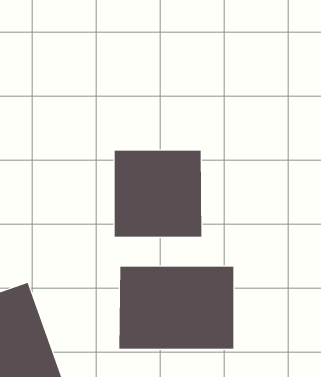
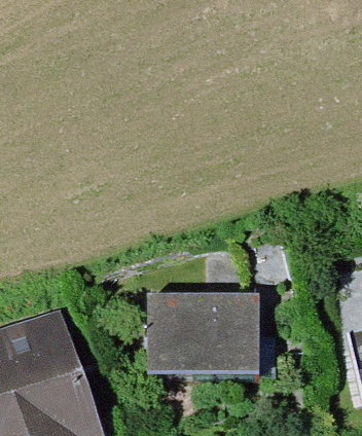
building: [114,150,202,237] -> none

